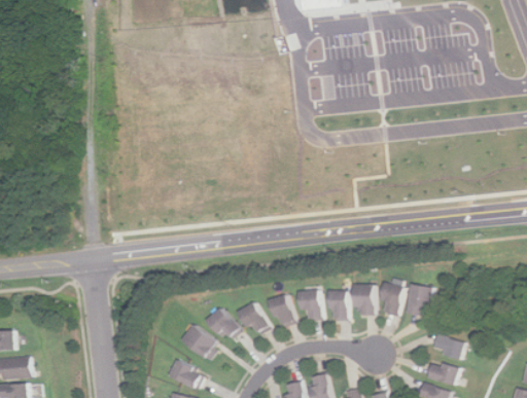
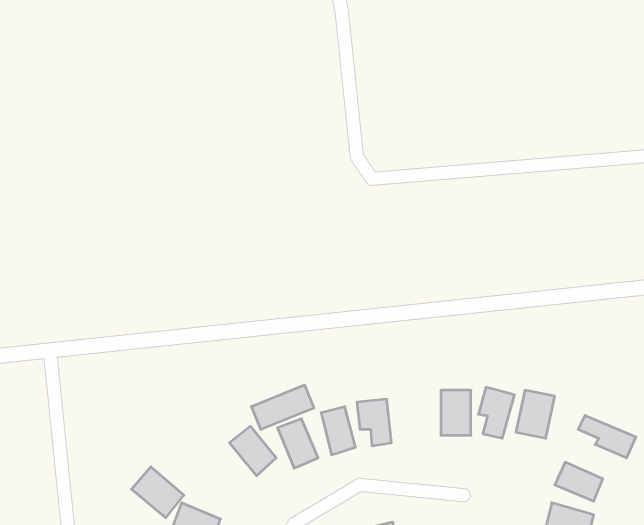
building: none -> [252,385,314,430]
building: [330,289,347,320] -> none
building: none -> [578,415,636,458]
building: [182,324,218,359] -> [131,467,184,518]

